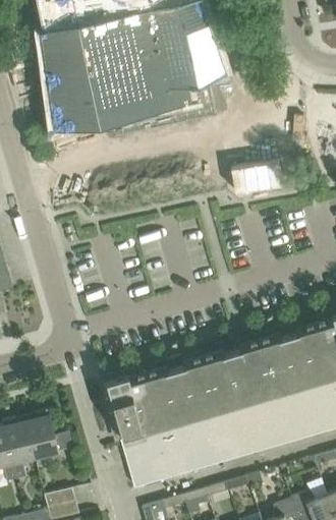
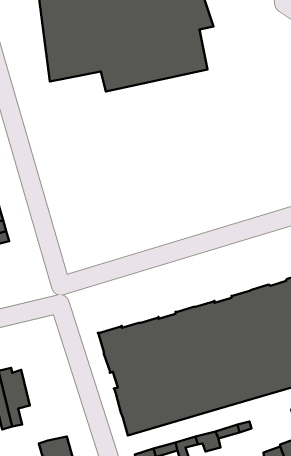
building: [25,410,58,457] -> none

